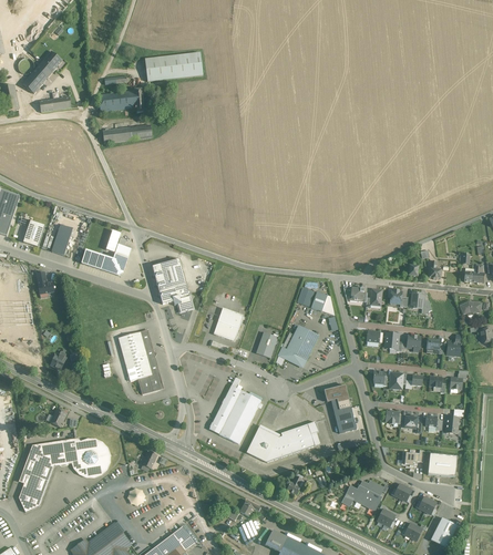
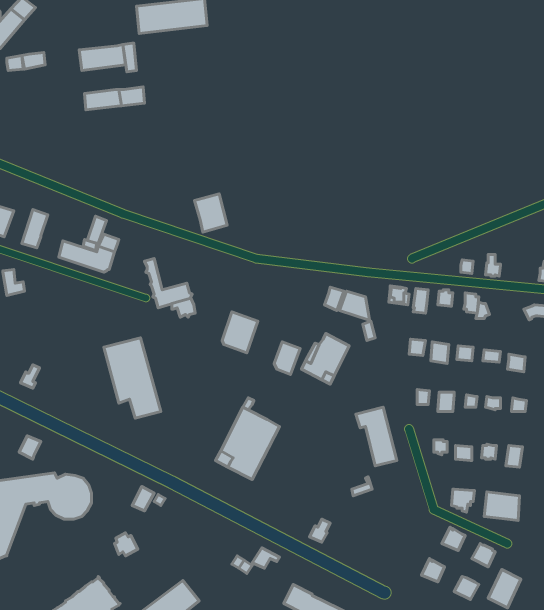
building: [158,258,185,289] -> [195,194,227,232]
building: [246,421,317,462] -> none
building: [351,480,382,510] -> none

